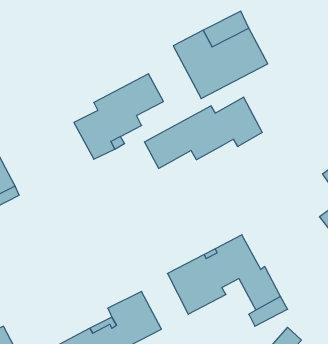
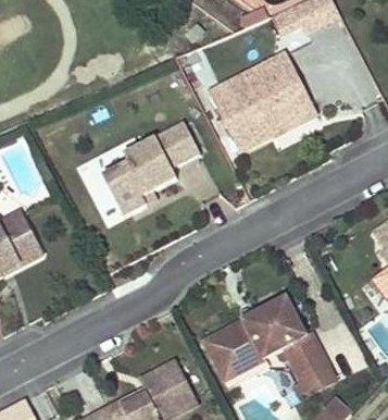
building: [145,97,262,168] -> none

